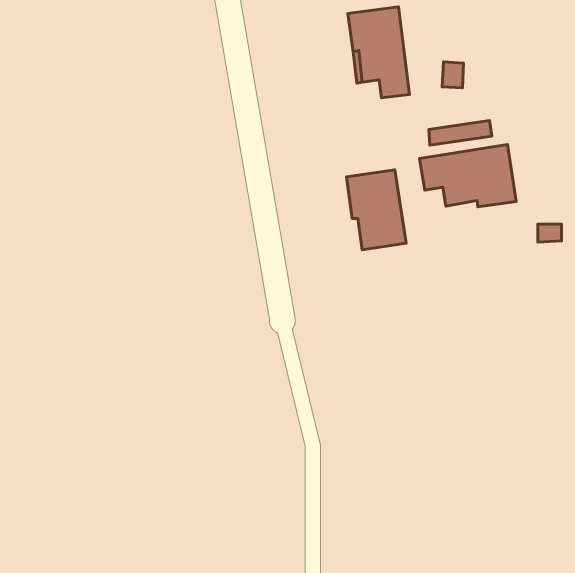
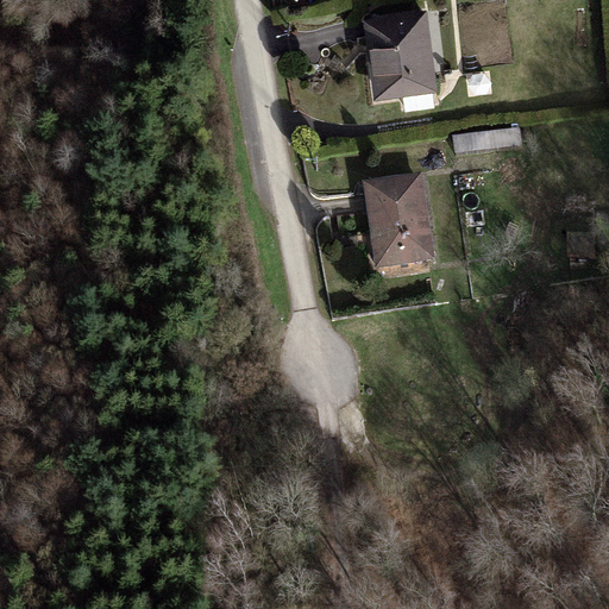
building: [420,144,516,207] -> none

